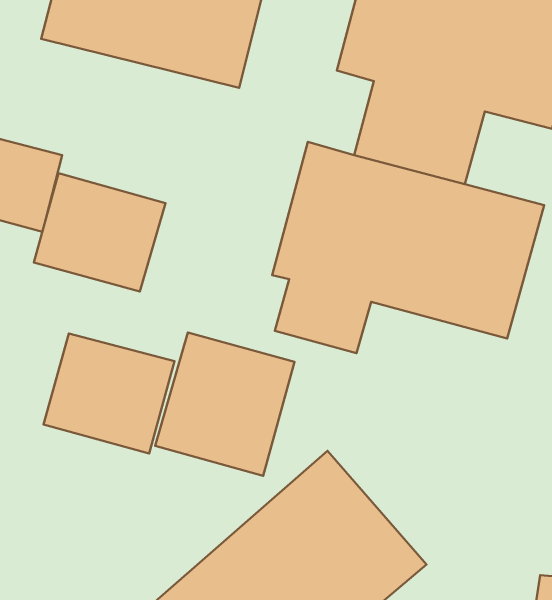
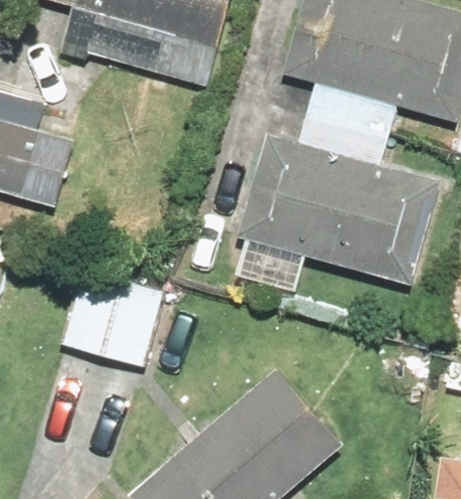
building: [34,173,166,291] -> none
building: [155,332,295,476] -> none

